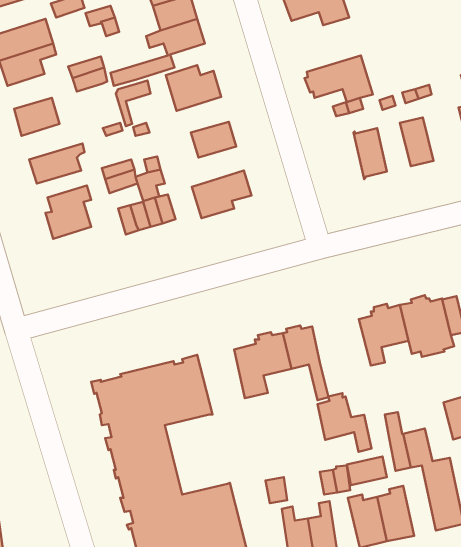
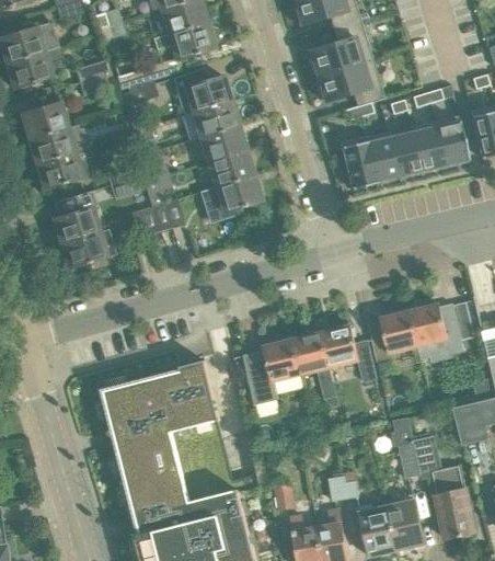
building: none -> [307,20,370,75]
building: none -> [191,100,237,136]
building: none -> [433,115,467,164]
building: none -> [27,125,90,163]
building: none -> [387,126,421,175]
building: none -> [338,136,373,188]
building: none -> [206,150,252,186]
building: none -> [59,228,115,268]
building: [317,393,372,452] -> [321,321,376,380]
building: [347,457,387,485] -> none

